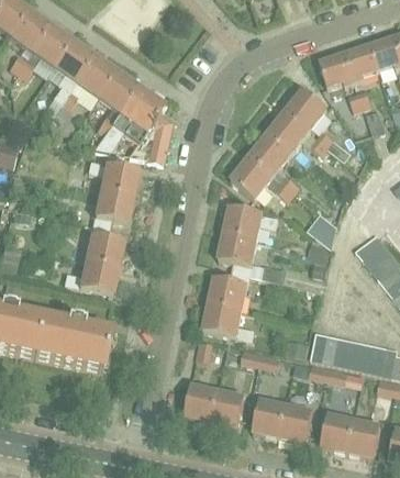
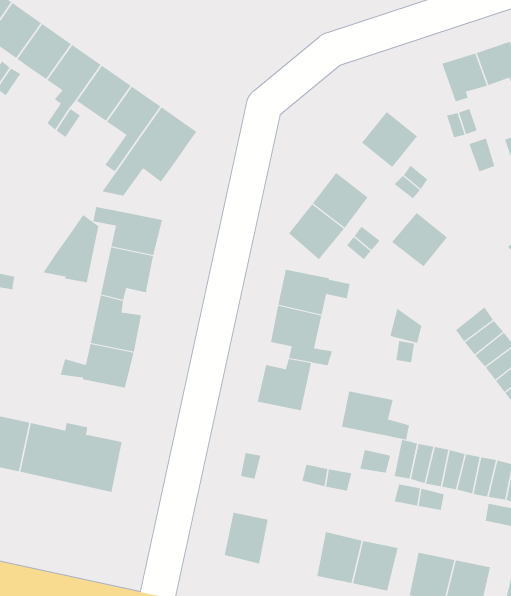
building: [320,53,355,86] -> none
building: [130,111,171,162] -> [43,214,99,283]
building: [267,111,309,152] -> [391,212,448,267]
building: [203,302,254,338] -> [341,391,410,440]
building: [211,389,245,427] -> none

